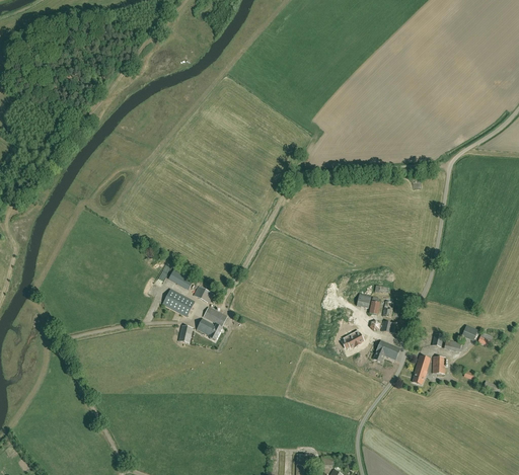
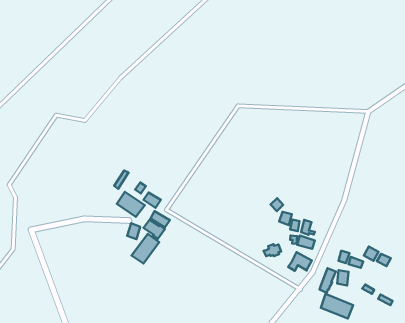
building: none -> [131,234,159,263]
building: none -> [321,294,353,318]

